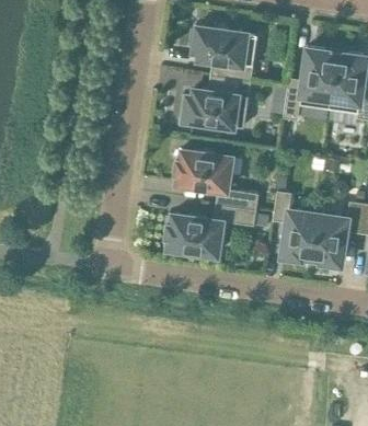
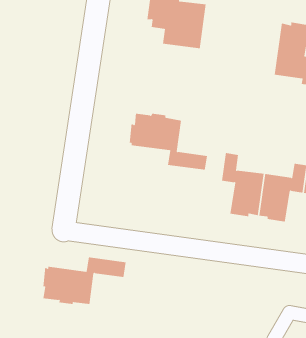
building: [284,49,336,123] -> none
building: [184,78,251,128] -> none
building: [168,206,256,256] -> [42,257,126,305]

